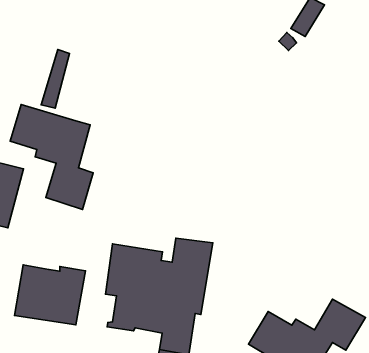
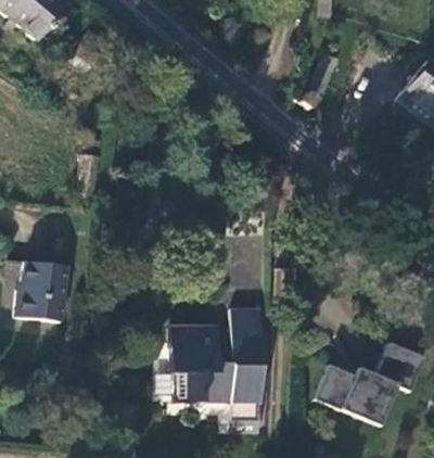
building: [10,104,93,209] -> none
building: [14,265,85,325] -> none

